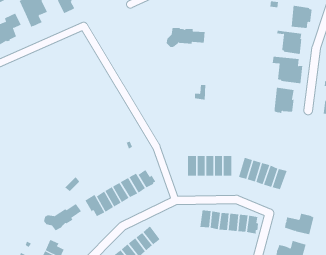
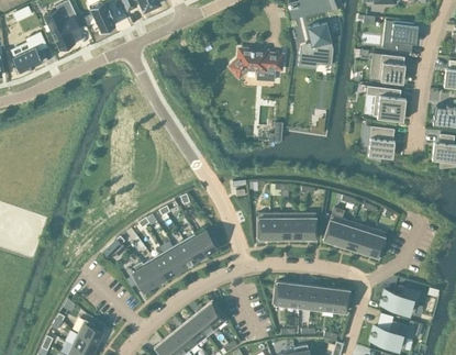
building: none -> [298,23,333,69]
building: [43,203,82,231] -> none

